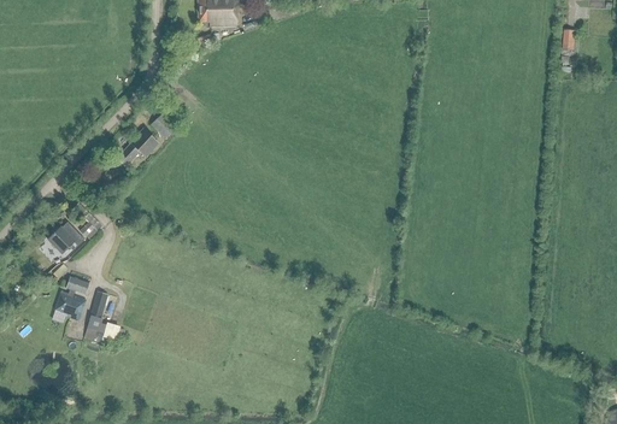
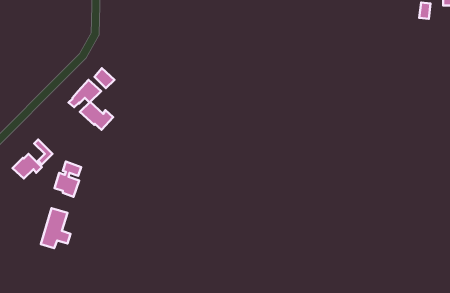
building: none -> [80,102,113,130]
building: [54,276,88,320] -> [54,161,81,197]

